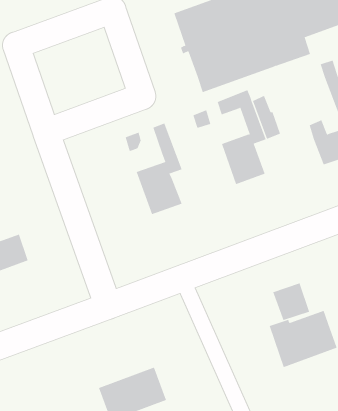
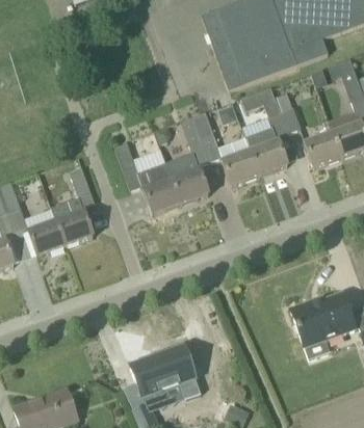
building: none -> [192,110,259,185]
building: none -> [304,132,341,166]
building: none -> [114,141,180,213]
building: none -> [51,166,95,245]
building: [273,282,310,321] -> none

